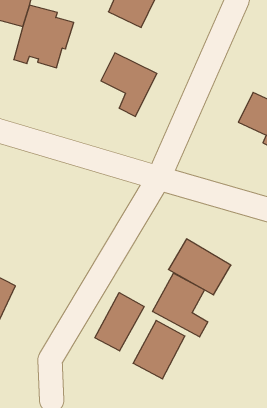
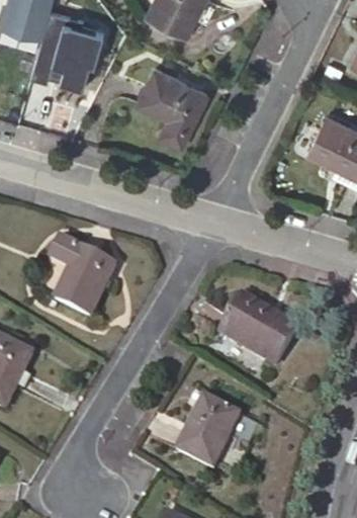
building: none -> [55,238,116,316]
building: [153,273,208,337] -> none
building: [95,293,144,351] -> none

